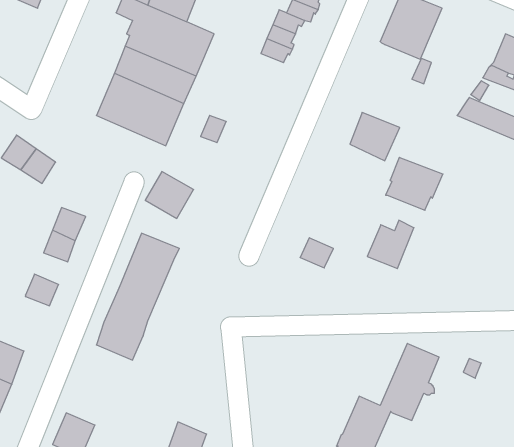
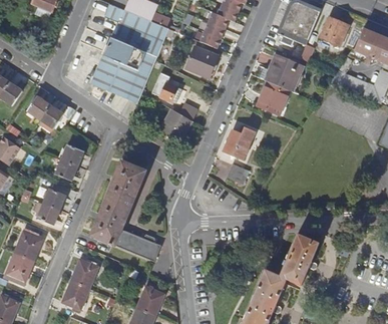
building: none -> [319,16,348,45]
building: none -> [185,46,217,77]
building: [386,157,443,210] -> [266,55,304,90]
building: [145,172,194,218] -> [159,108,191,139]
building: [367,220,414,269] -> [223,126,254,158]
building: none -> [32,202,59,225]
building: none -> [114,229,160,261]
building: none -> [70,259,97,288]

